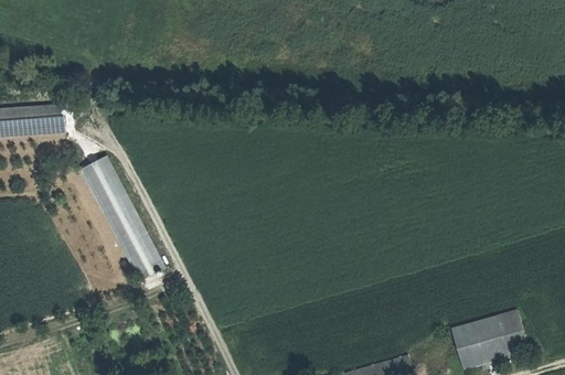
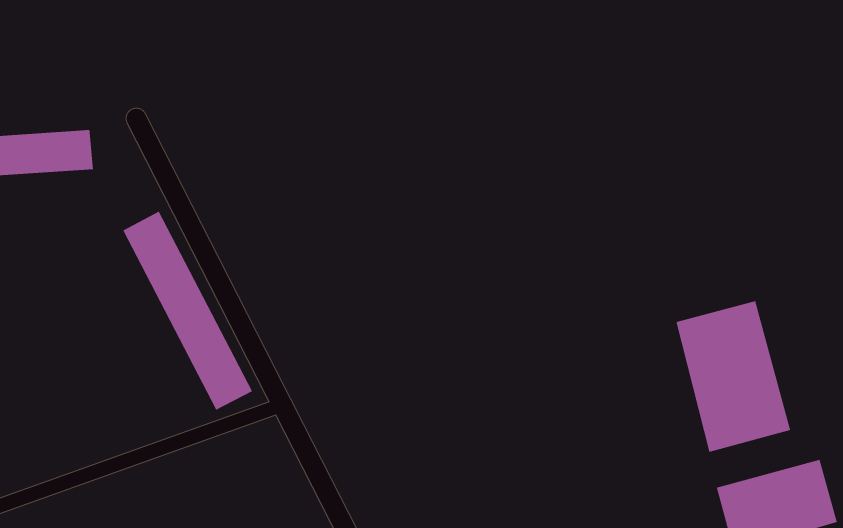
building: none -> [675,300,791,453]

